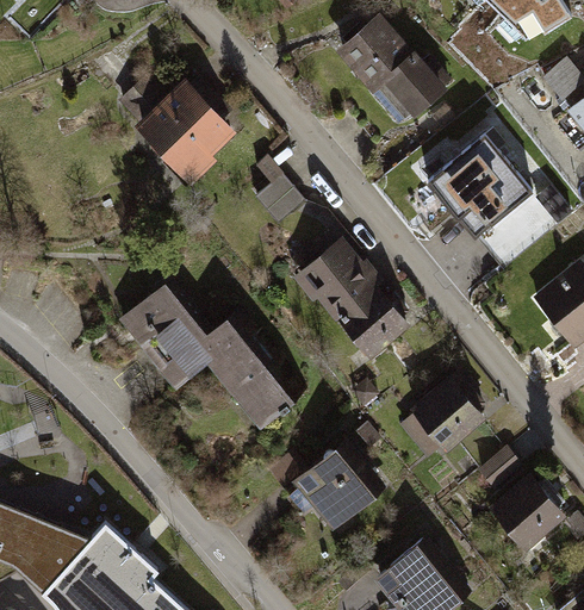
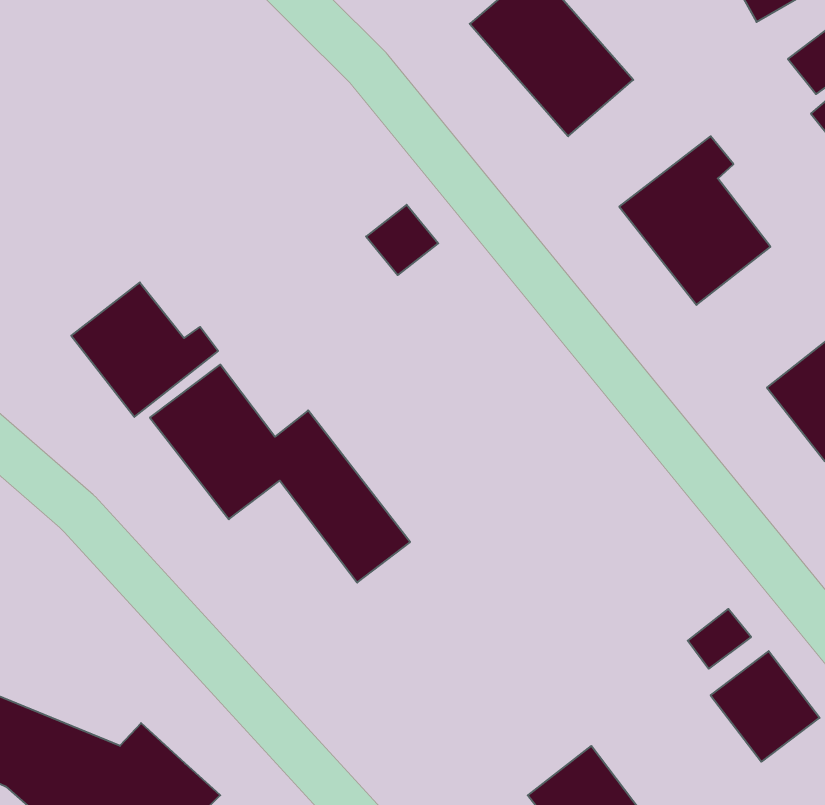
building: [131,76,235,185] -> none
building: none -> [71,282,218,417]
building: [290,231,409,359] -> none
building: [415,380,489,454] -> none
building: [292,432,392,529] -> none

